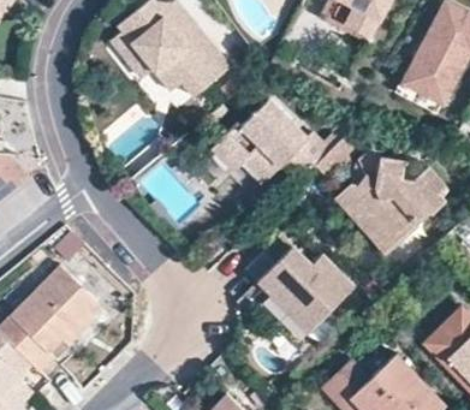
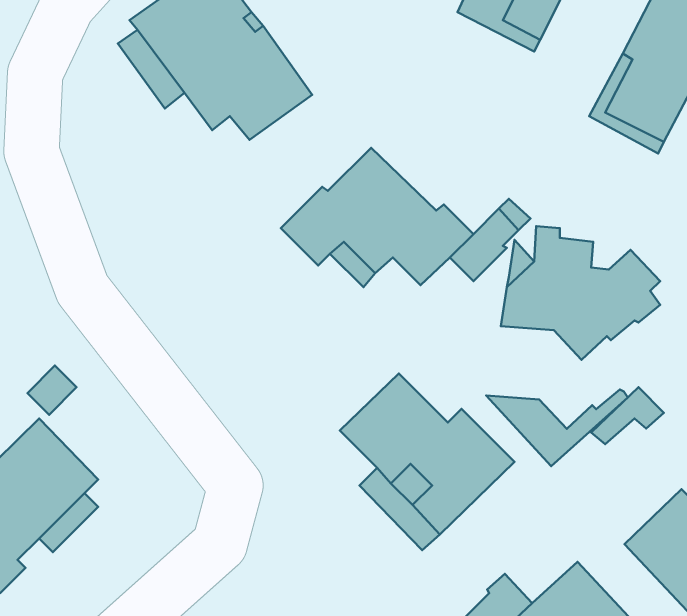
building: [347,206,434,252] -> [486,390,628,466]

